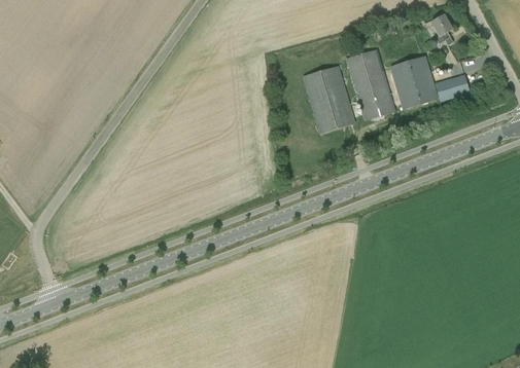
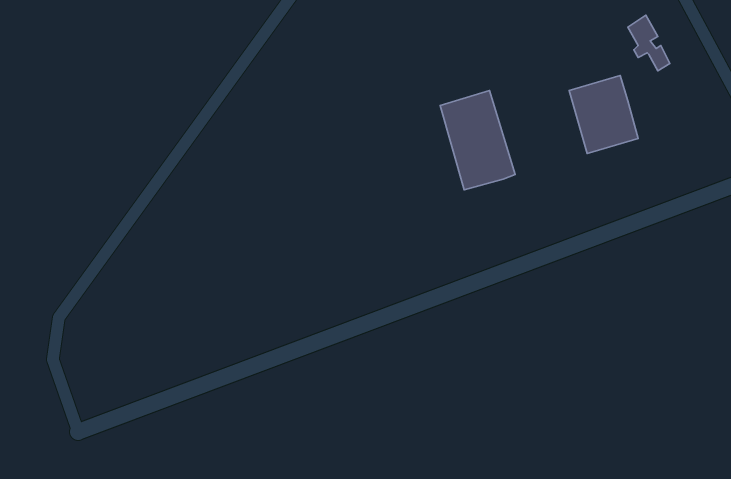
building: [345,48,395,120] -> none
building: [436,74,470,101] -> none

